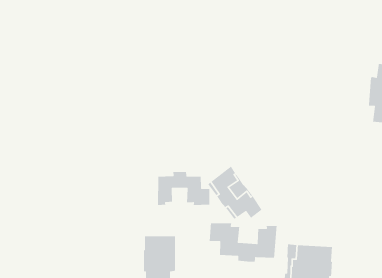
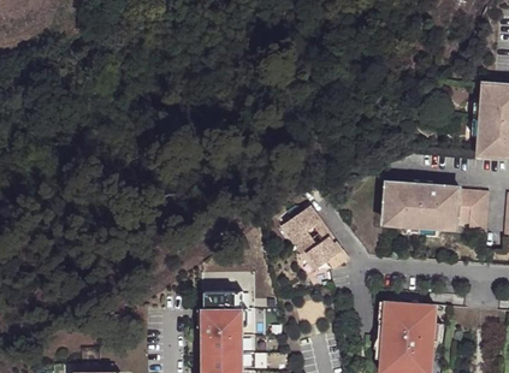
building: none -> [384,179,489,232]
building: [157,171,210,206] -> none
building: [209,223,277,262] -> none

